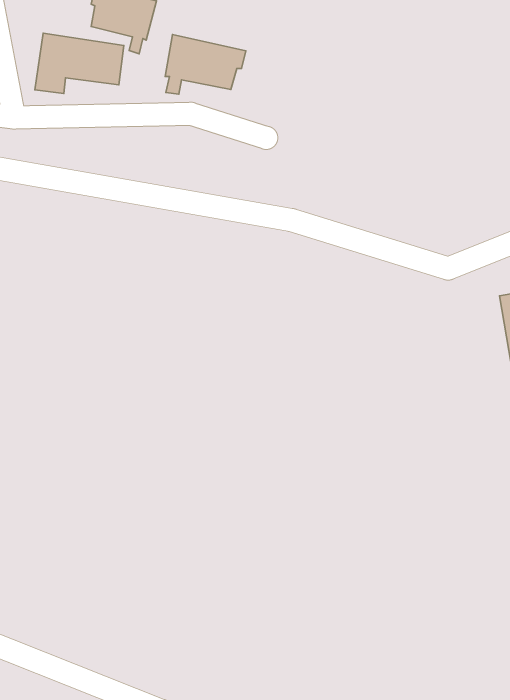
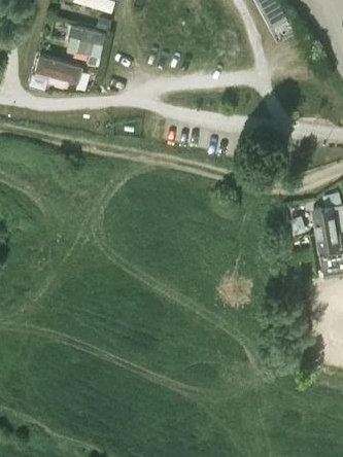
building: [165,34,246,94] -> none

